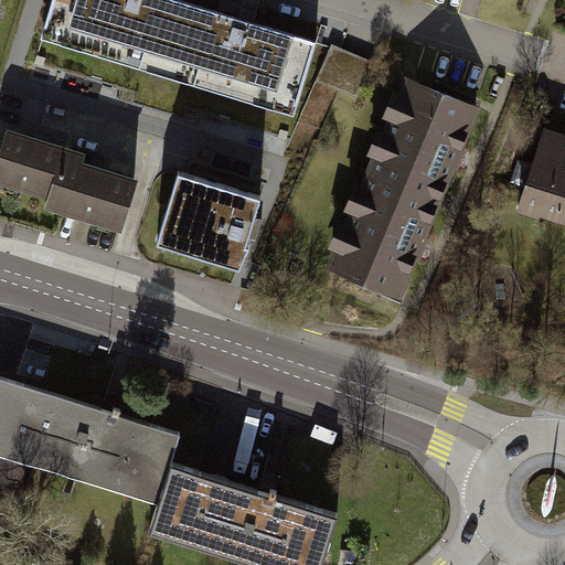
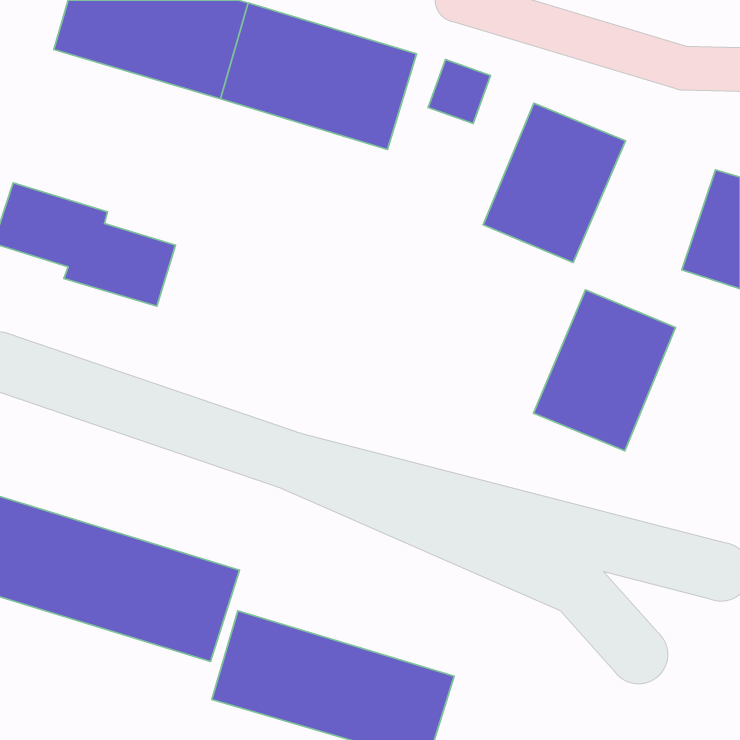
building: [328,172,436,295] -> [533,290,676,451]
building: [147,177,248,269] -> none

